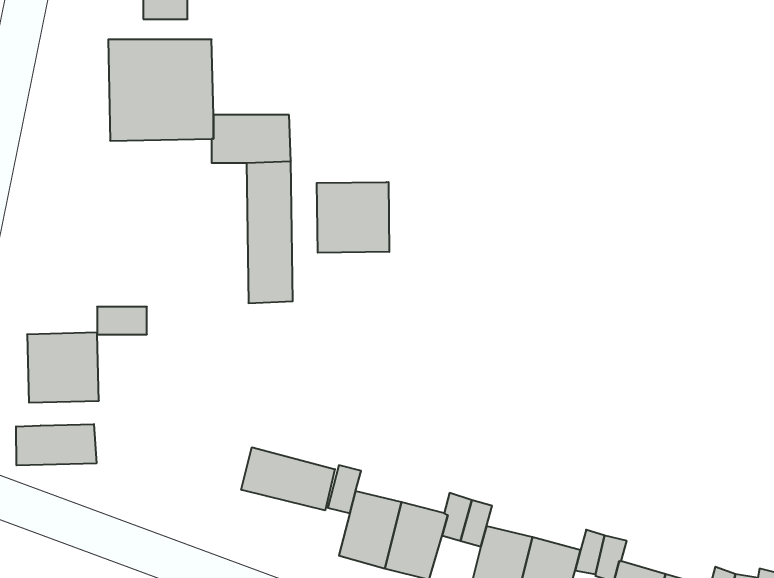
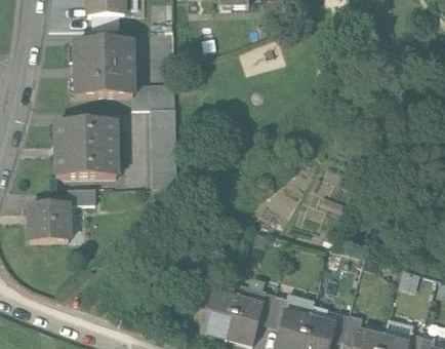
building: none -> [55,118,116,174]
building: [317,182,389,253] -> none
building: [16,424,96,465] -> none
building: [241,447,335,510] -> none

